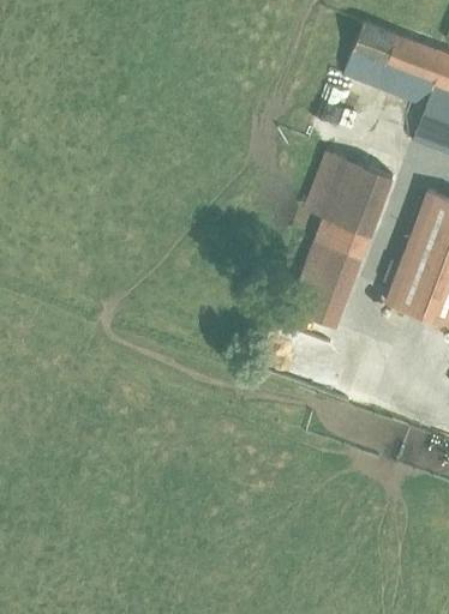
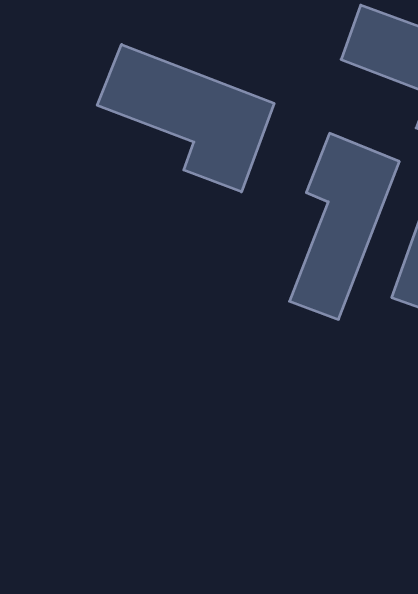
building: none -> [97,44,274,192]

